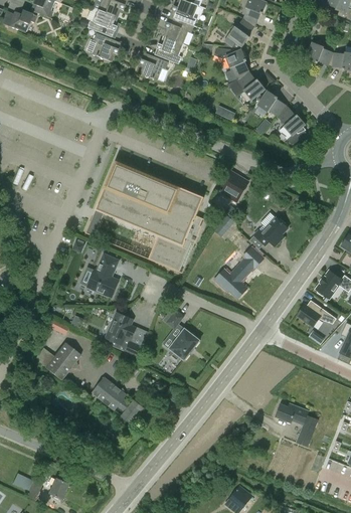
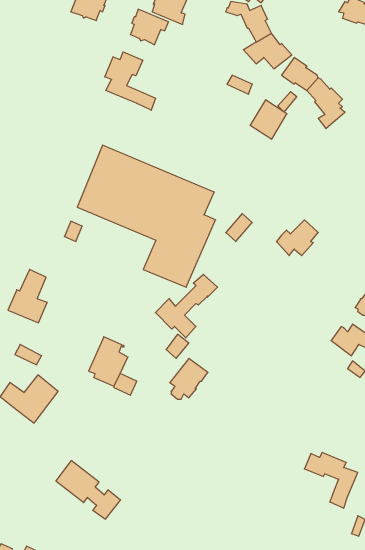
building: none -> [105,52,156,110]
building: [219,170,248,201] -> [250,100,287,139]
building: [212,249,261,300] -> [155,274,218,338]
building: [87,252,119,295] -> [8,269,47,323]
building: [93,375,144,421] -> [56,461,121,519]

